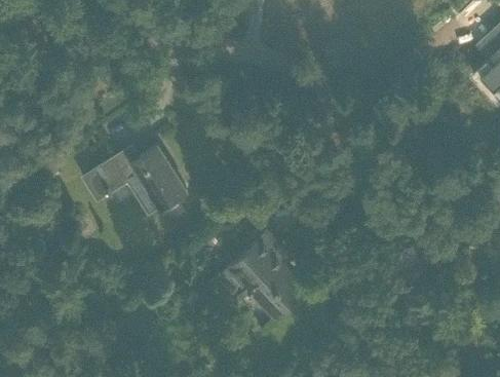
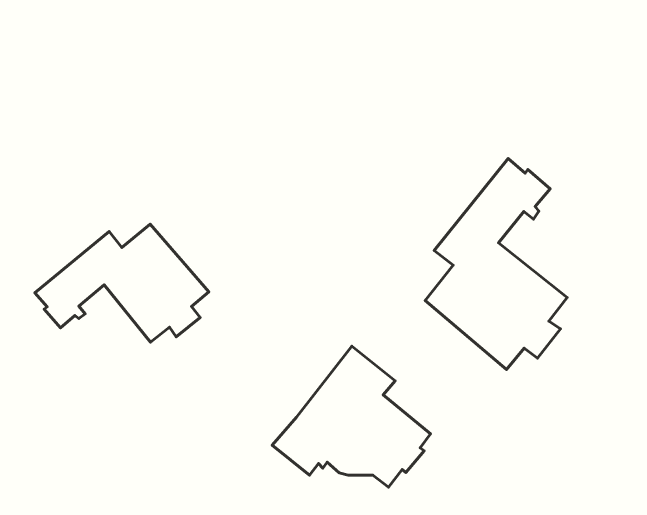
building: none -> [425,159,567,370]

